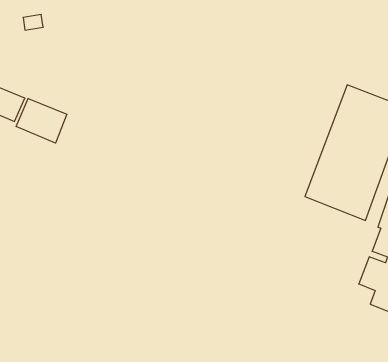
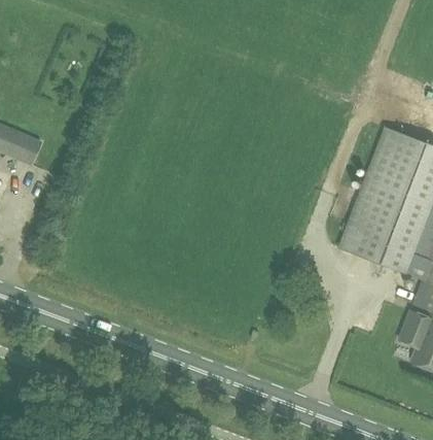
building: [16,98,67,143] -> none

